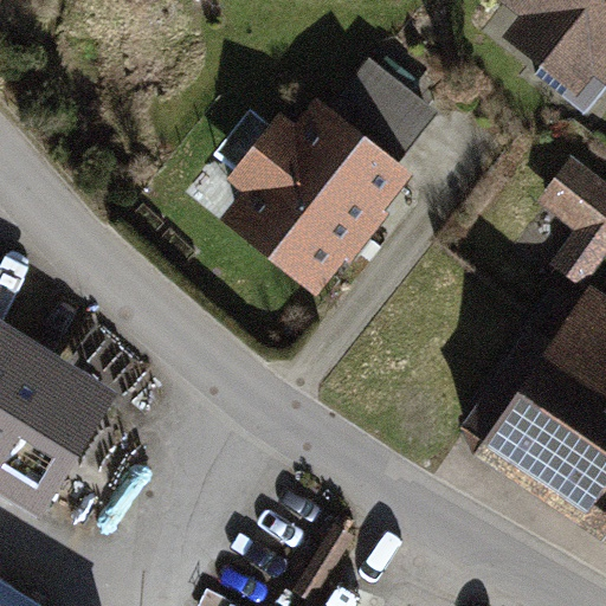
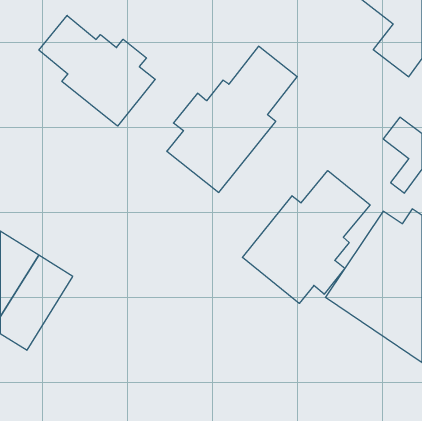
building: none -> [39,15,155,126]
building: none -> [242,171,370,303]

